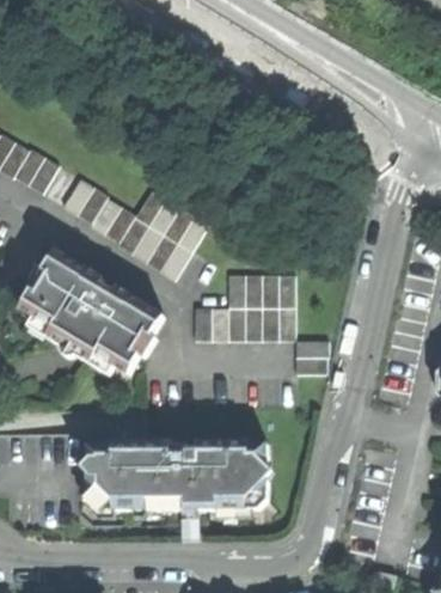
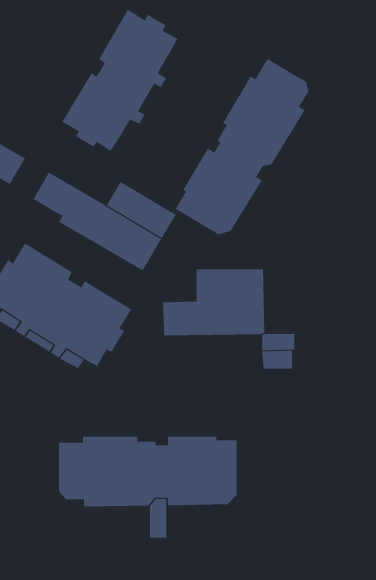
building: none -> [62,9,178,152]
building: none -> [175,58,309,235]

